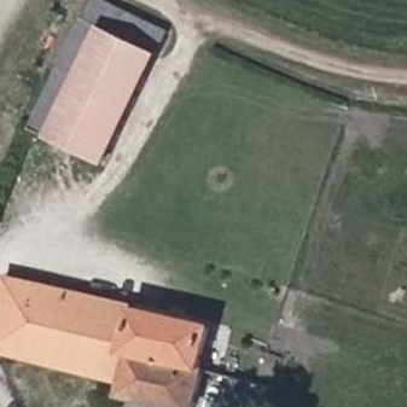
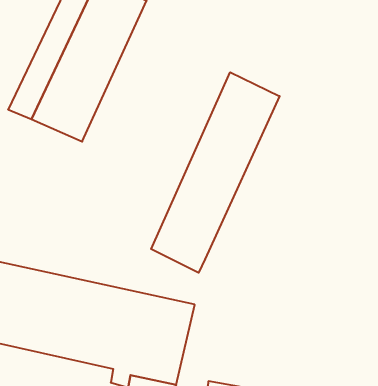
building: none -> [151,72,280,273]

